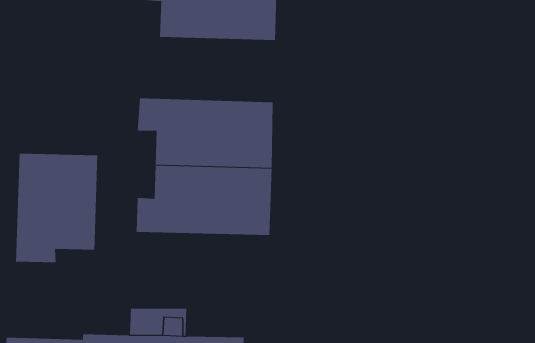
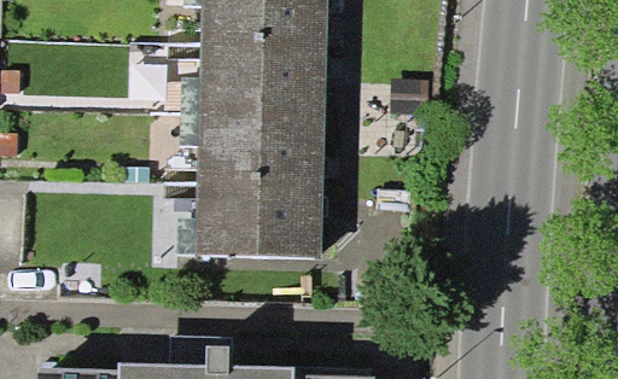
building: none -> [180,43,327,113]
building: [15,153,98,263] -> none

